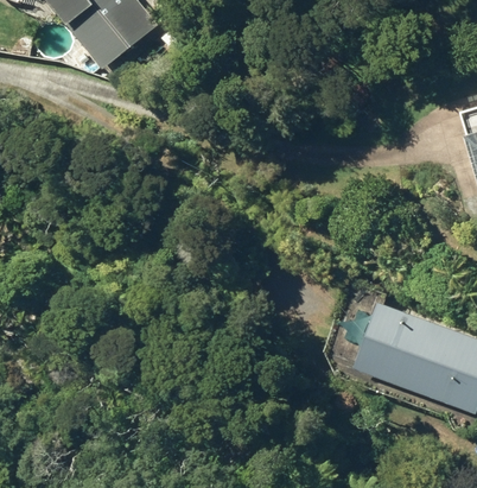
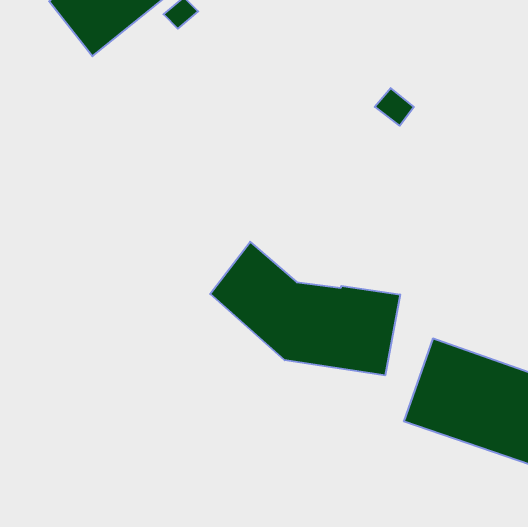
building: none -> [210,242,400,375]

